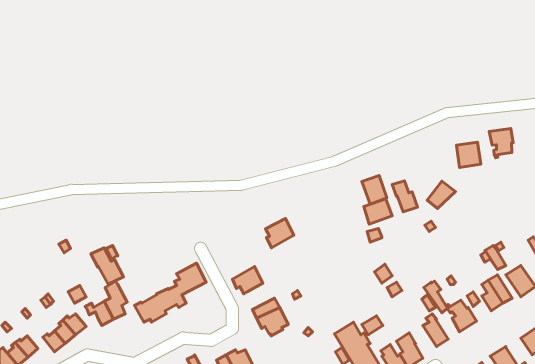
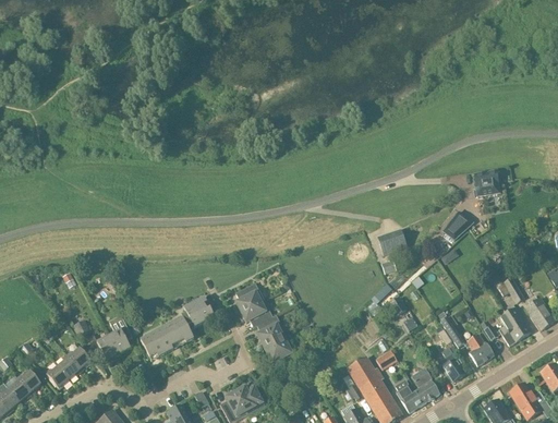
building: [489,128,513,158] -> none
building: [362,176,387,204] -> none
building: [392,181,418,212] -> none
building: [265,218,294,248] -> [234,281,264,312]
building: [91,248,124,284] -> none
building: none -> [256,314,284,343]

